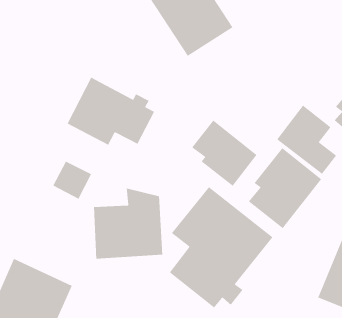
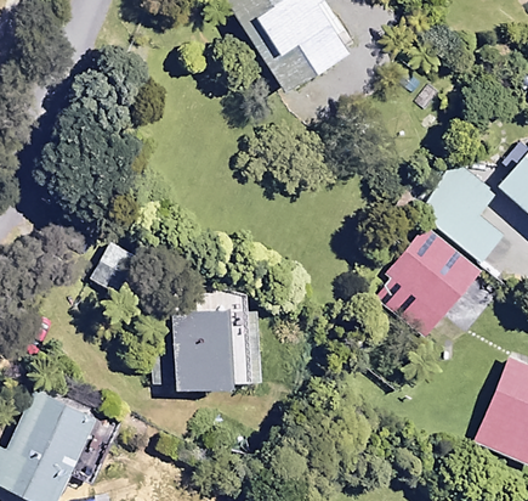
building: [67,76,155,146] -> none
building: [191,120,258,187] -> none
building: [169,186,274,309] -> none

